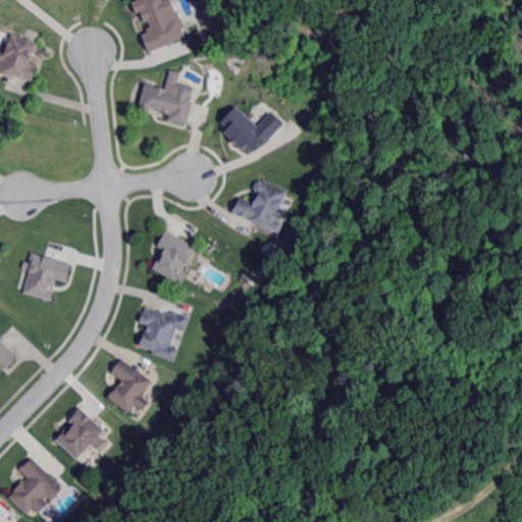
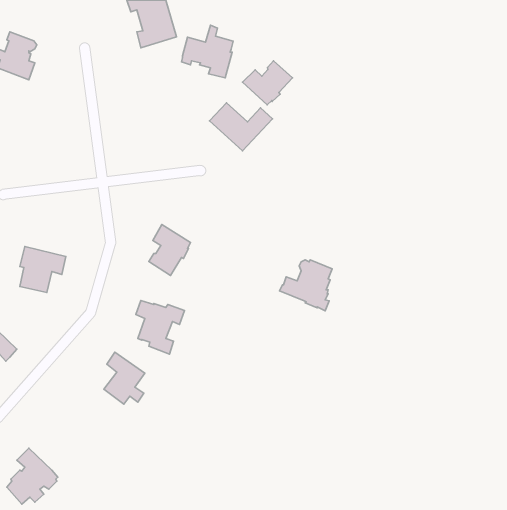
building: none -> [243,61,292,105]
building: [140,70,193,124] -> [181,25,233,78]
building: [232,180,286,232] -> [279,260,332,311]
building: [56,406,104,459] -> none

